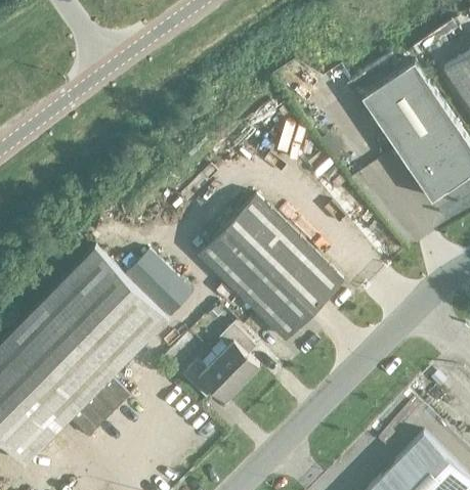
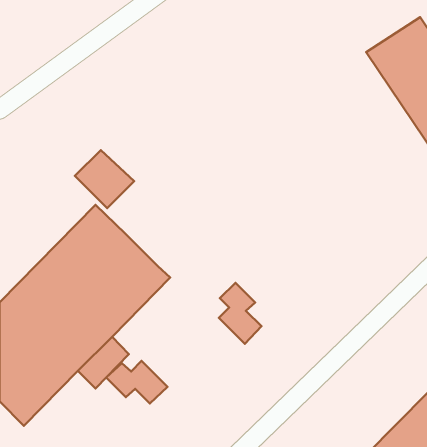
building: [199,196,344,342] -> none
building: [125,252,183,309] -> [75,150,134,208]
building: [182,360,243,402] -> [106,361,167,404]

